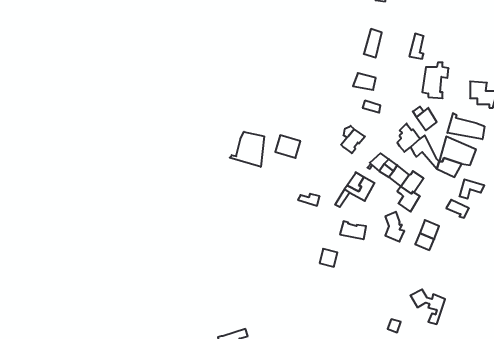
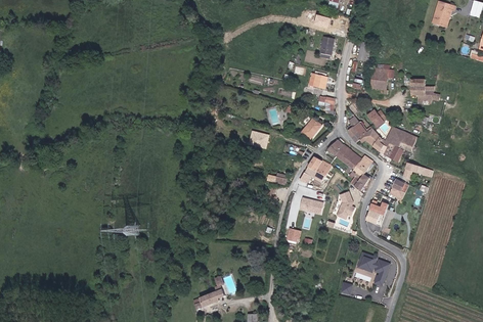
building: [447,113,484,139] -> none
building: [230,132,264,167] -> none

